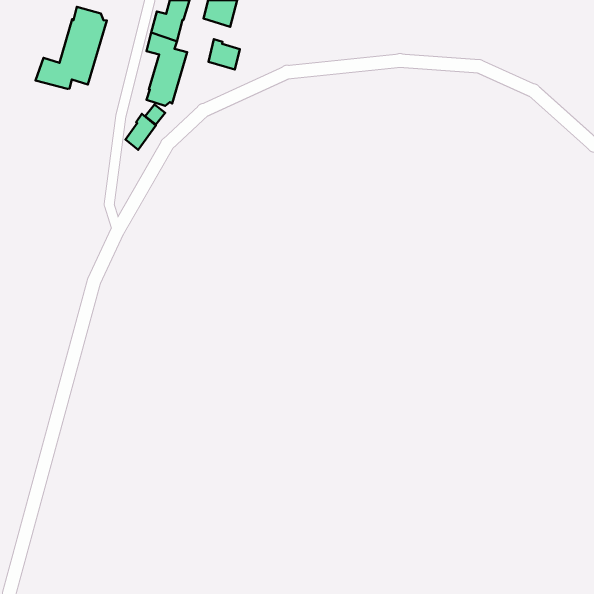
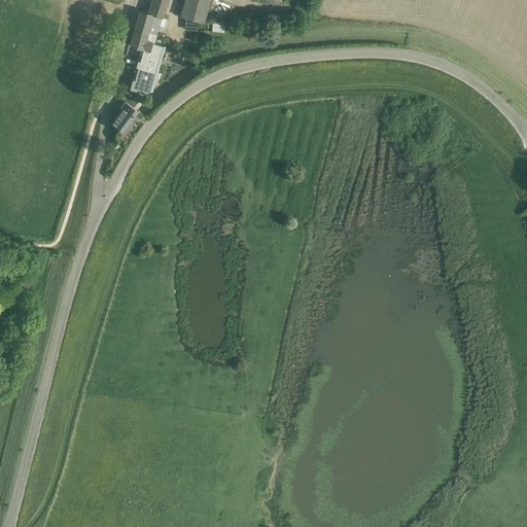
building: [36,7,107,89] -> none
building: [209,39,240,70] -> none

